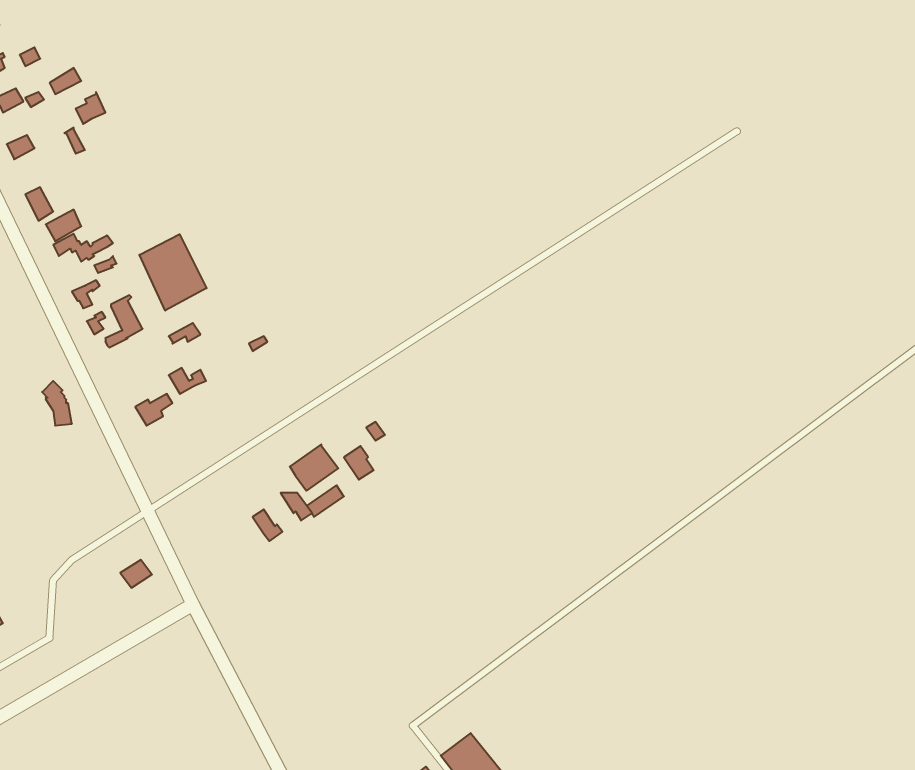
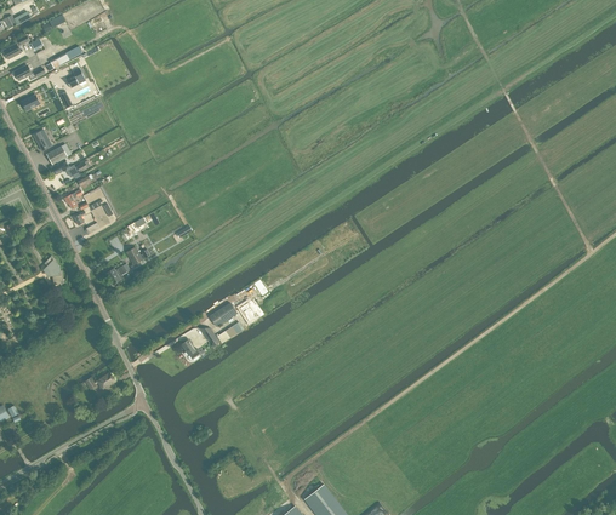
building: [139,234,207,311] -> none

